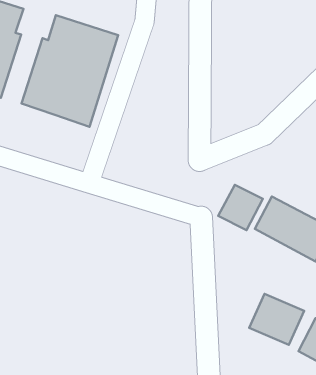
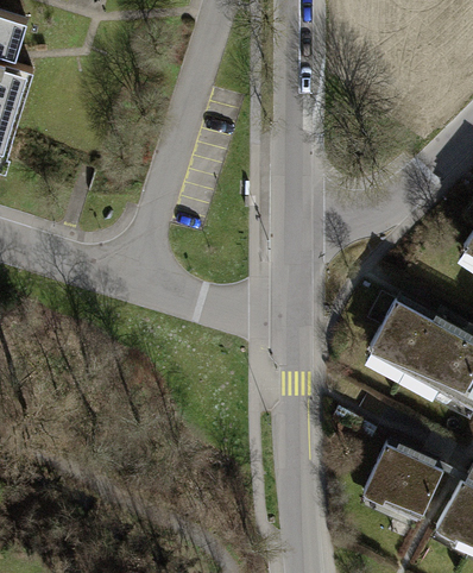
building: [22,15,118,127] -> none
building: [218,185,263,230] -> none

